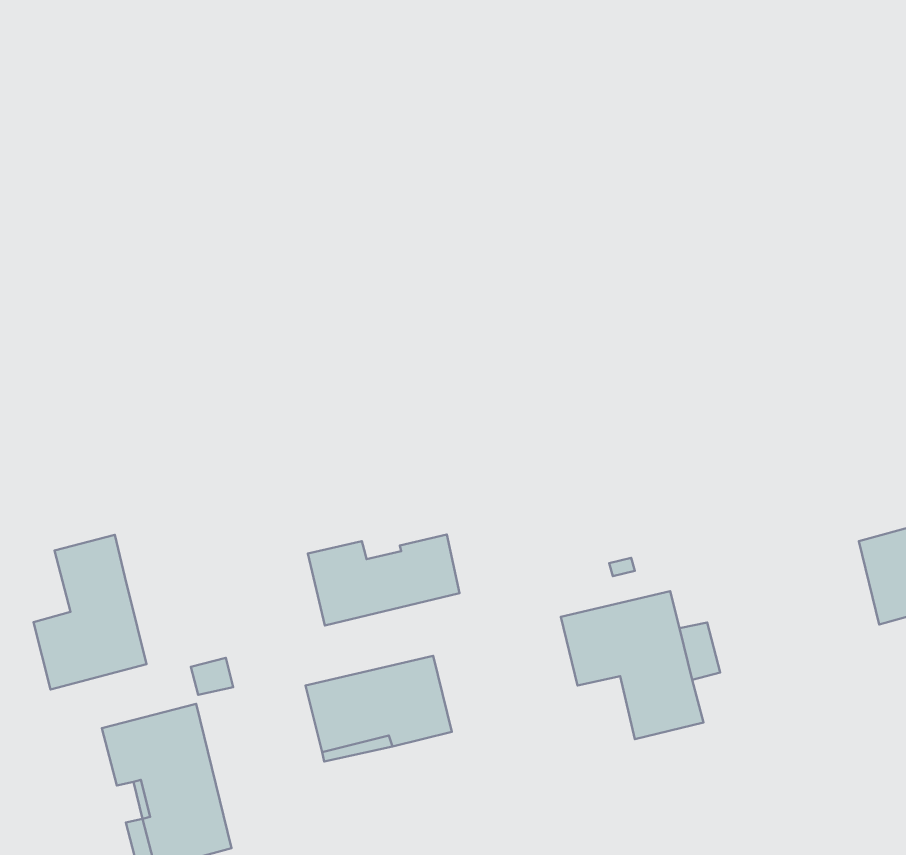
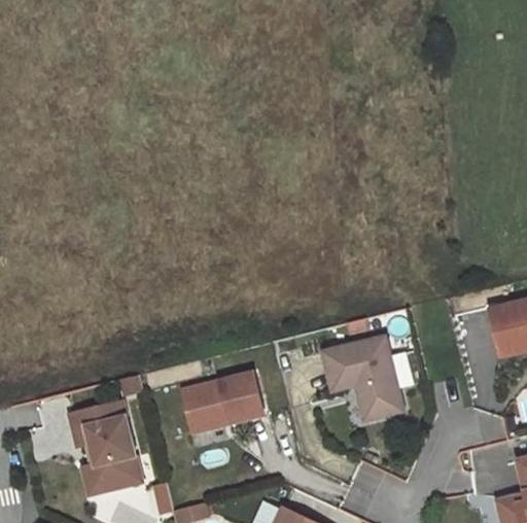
building: [308,535,460,626] -> none
building: [33,535,147,689] -> none

